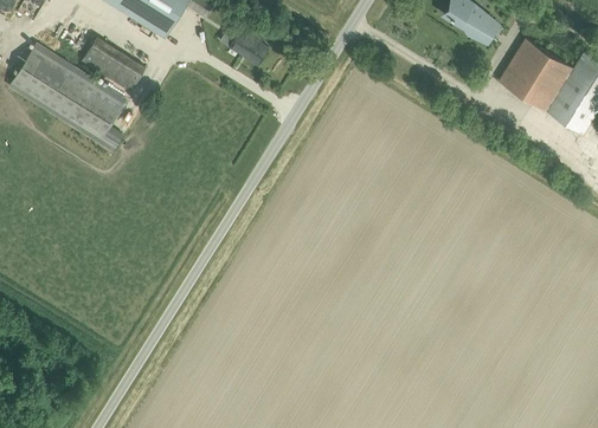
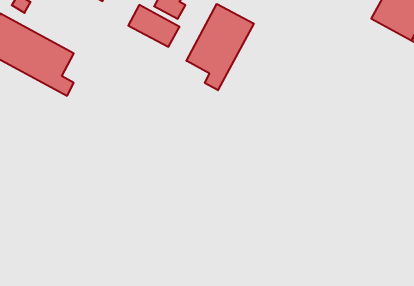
building: [81,37,144,91] -> [128,5,180,47]
building: none -> [186,4,254,90]

